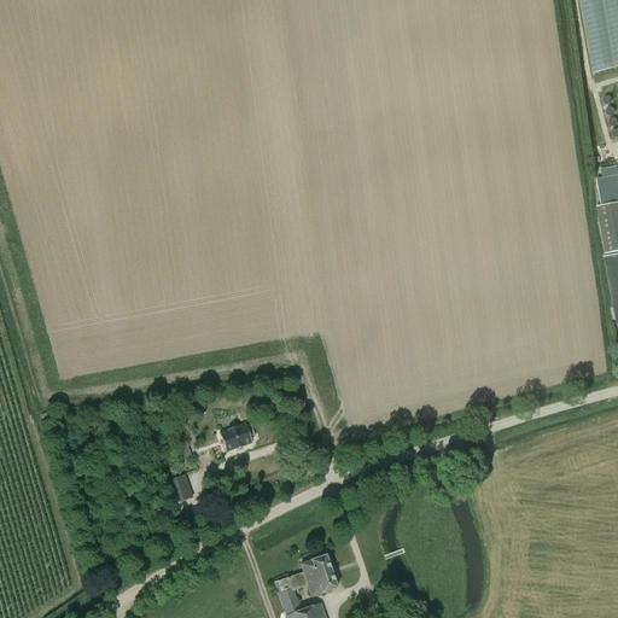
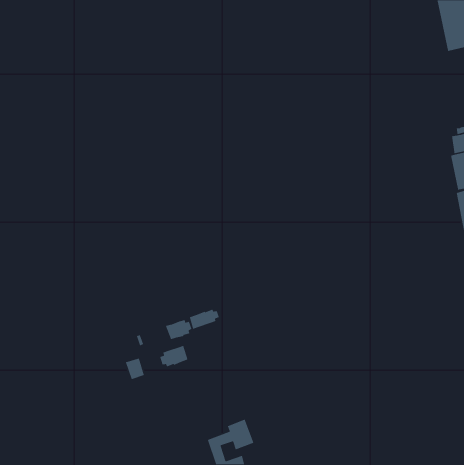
building: none -> [189,309,220,330]
building: none -> [159,345,188,368]

